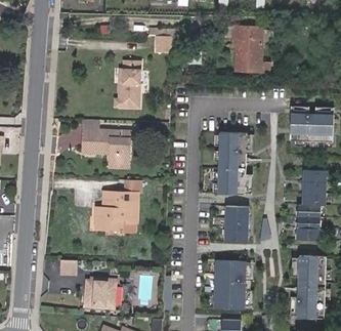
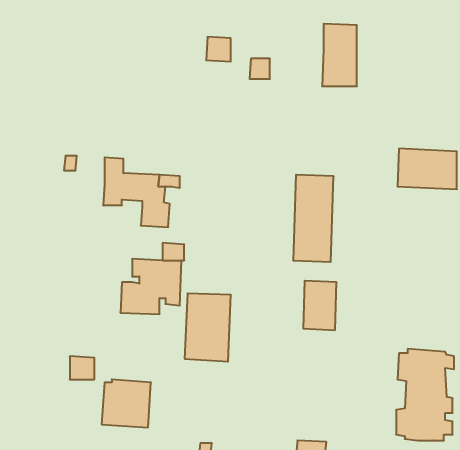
building: [117,59,141,107] -> none
building: [296,170,324,240] -> none
building: [212,260,245,308] -> [185,293,231,362]

